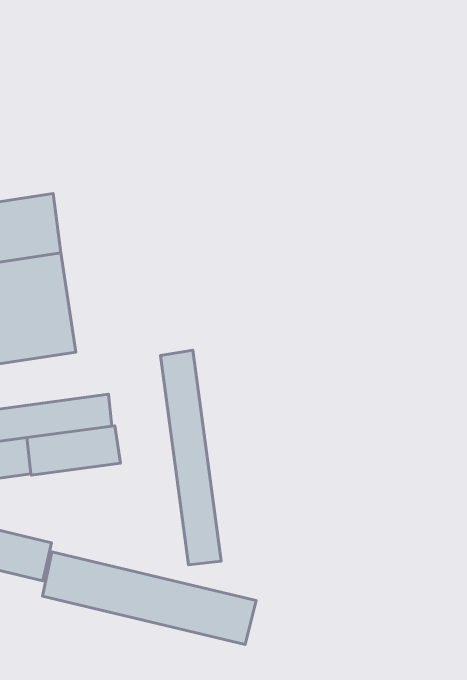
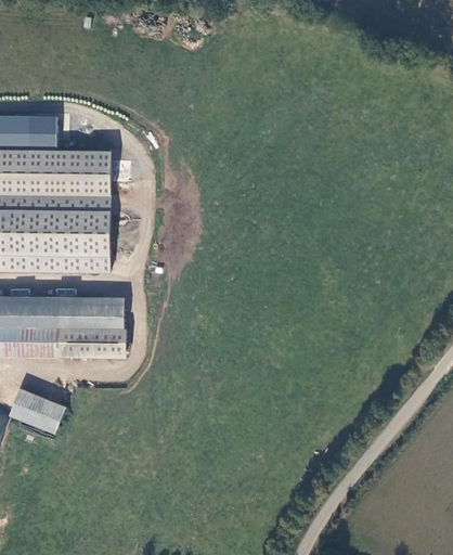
building: [160,350,221,565] -> none
building: [42,552,256,645] -> none

